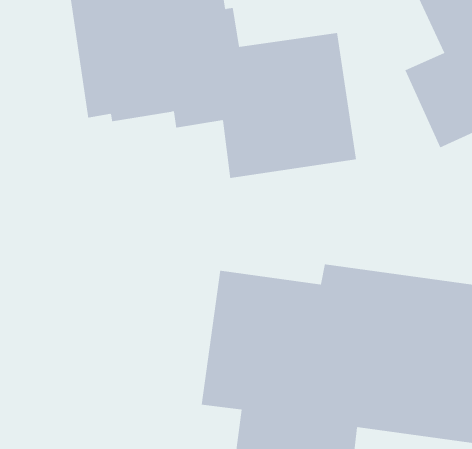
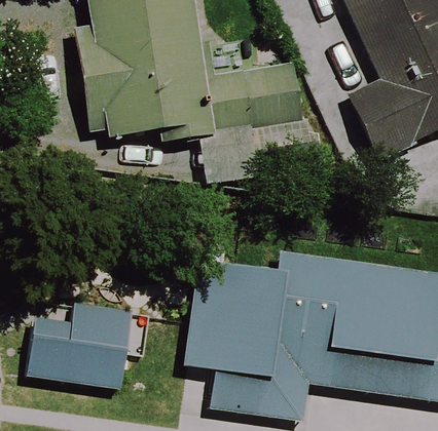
building: none -> [24,300,136,391]

